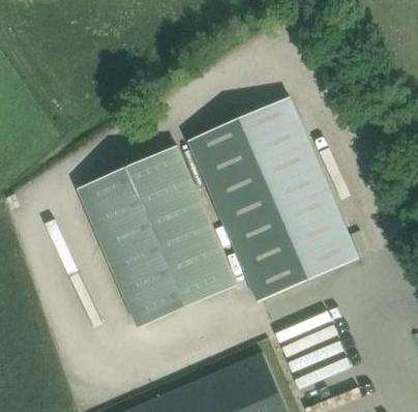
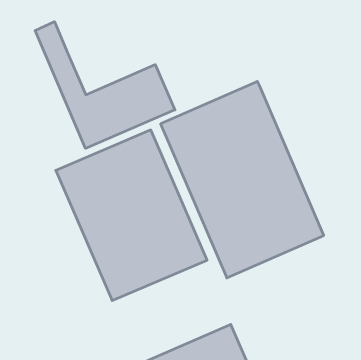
building: none -> [35,22,175,148]

